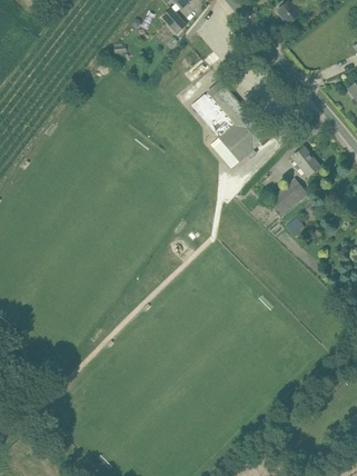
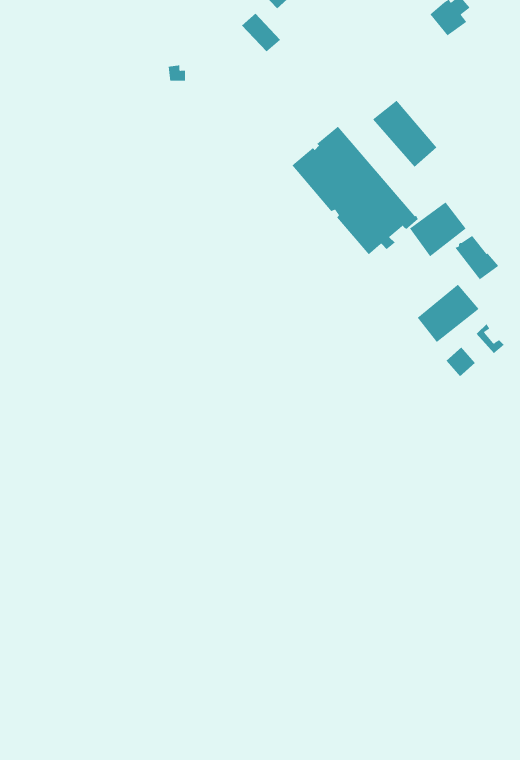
building: none -> [372,100,437,167]
building: none -> [409,202,467,257]

